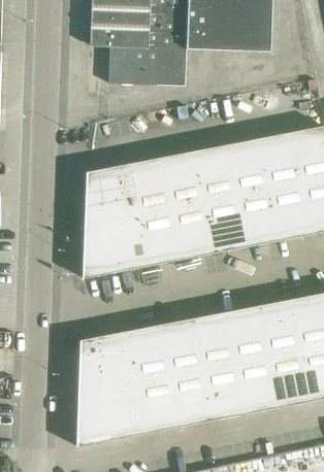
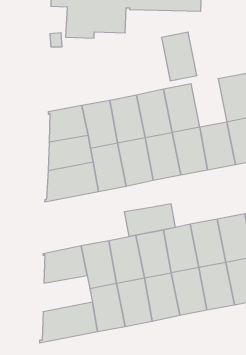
building: [257,132,299,190] -> [161,32,197,81]
building: none -> [124,204,175,236]
building: [80,366,139,409] -> none

